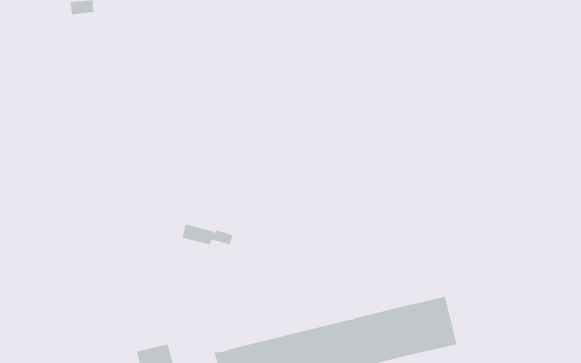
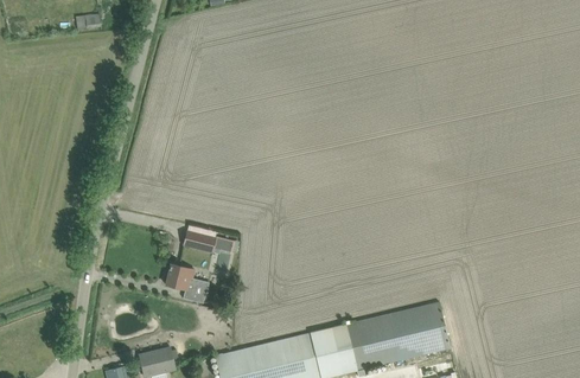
building: none -> [166,264,209,302]

